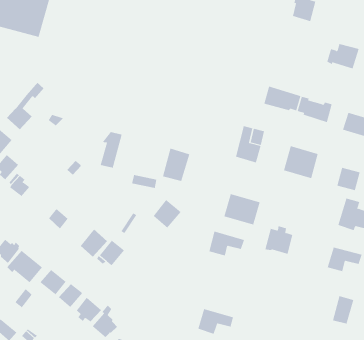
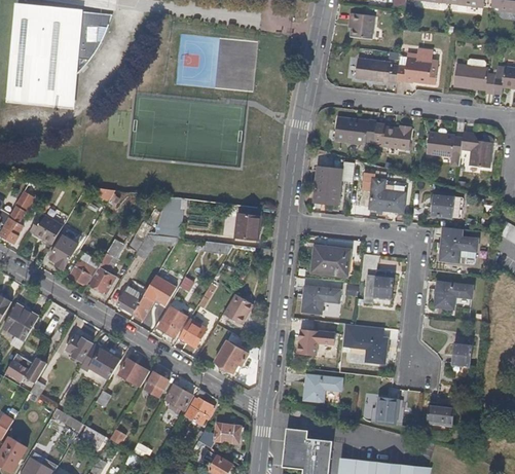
building: none -> [355,58,398,83]
building: [6,82,44,130] -> [87,238,124,294]
building: [153,199,181,229] -> [223,292,254,324]
building: none -> [133,279,177,319]
building: none -> [296,327,333,354]
building: none -> [215,341,248,372]
building: none -> [350,324,385,362]

